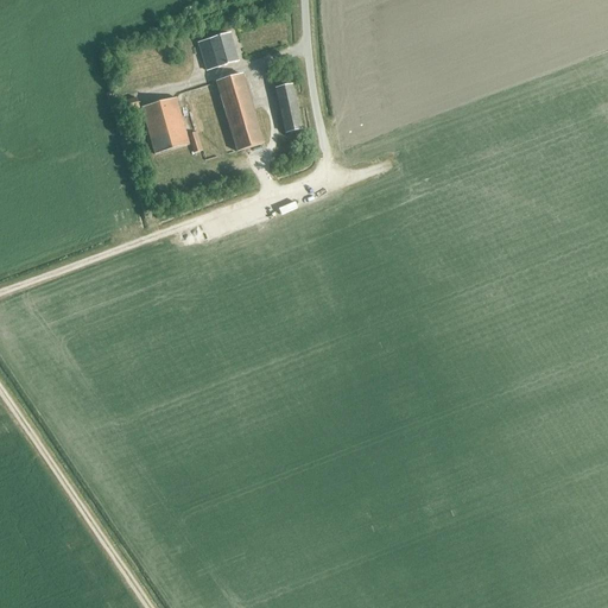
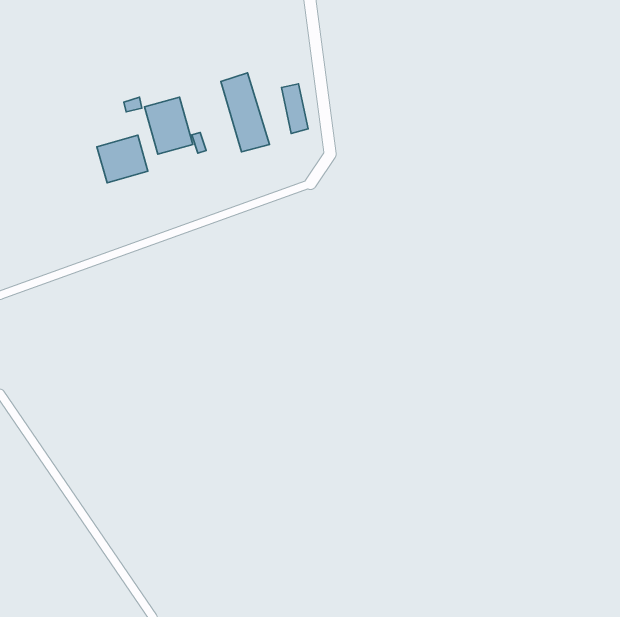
building: [198,31,238,68] -> none
building: none -> [97,135,148,183]

